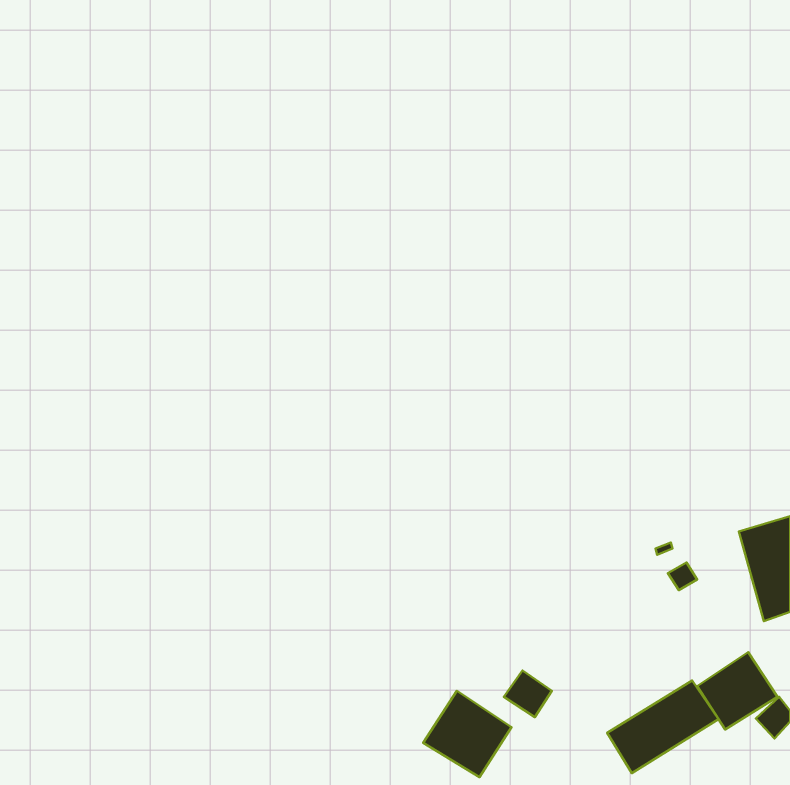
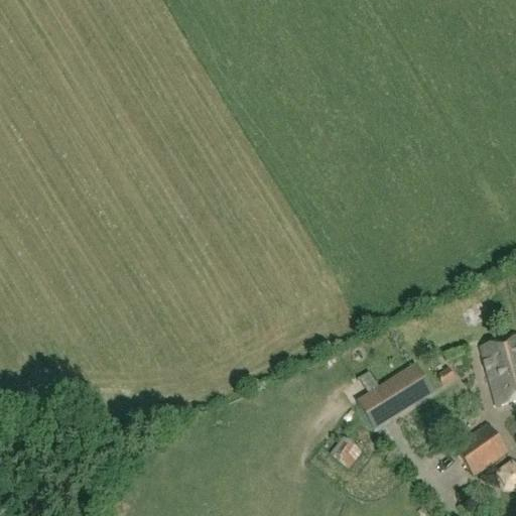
building: [607,680,718,773] -> [359,366,431,426]
building: [423,691,512,777] -> none

